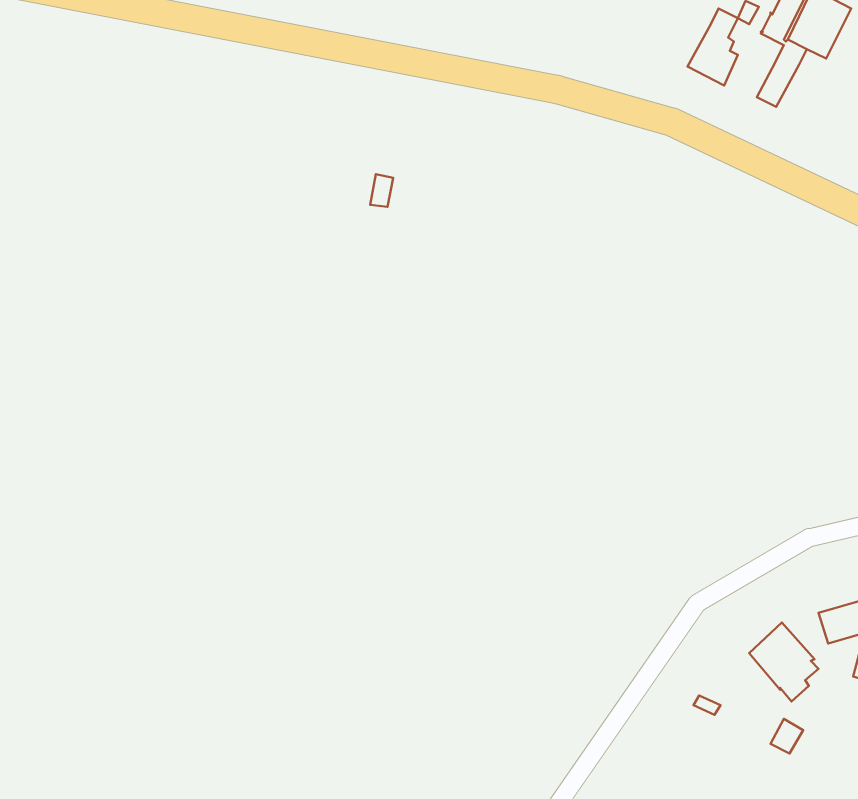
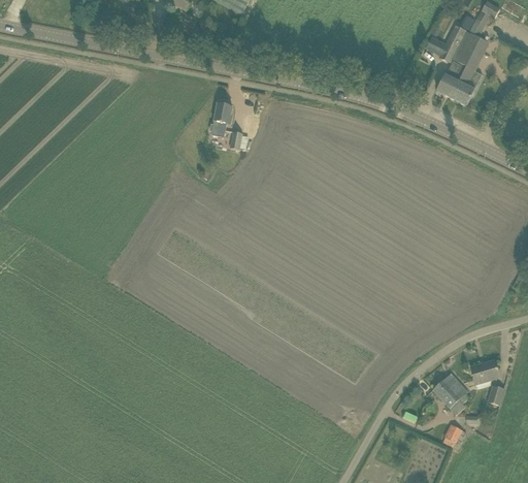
building: [688,9,738,86] -> [447,64,473,105]
building: none -> [211,101,232,137]

